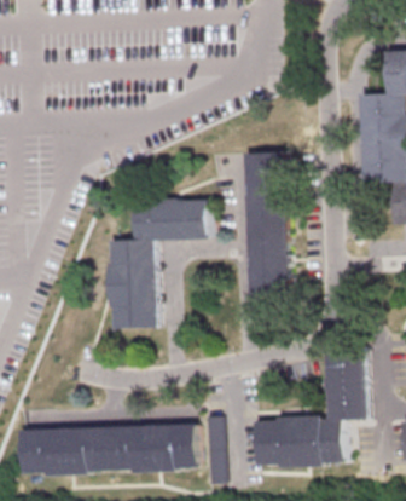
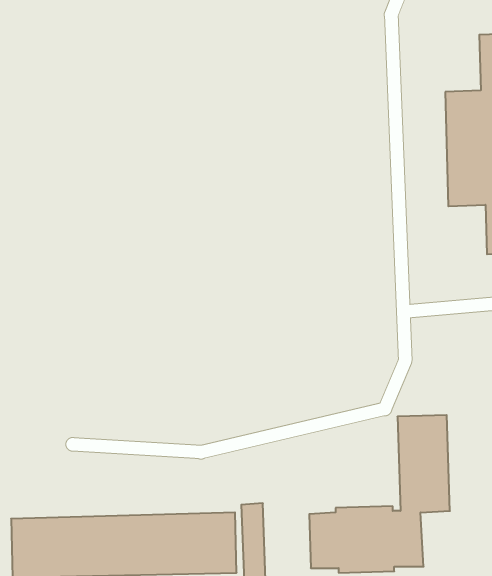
building: [244,154,290,298] -> none
building: [105,201,204,330] -> none

